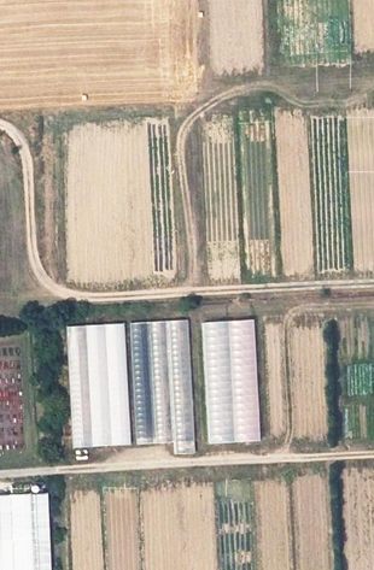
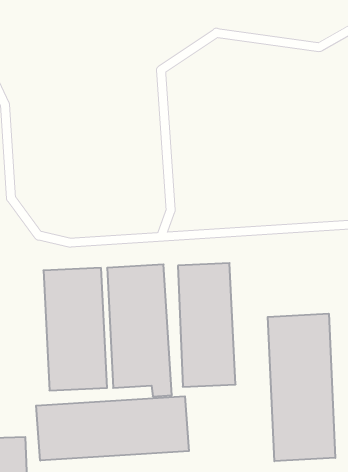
building: none -> [268,314,335,461]
building: none -> [36,396,189,461]

